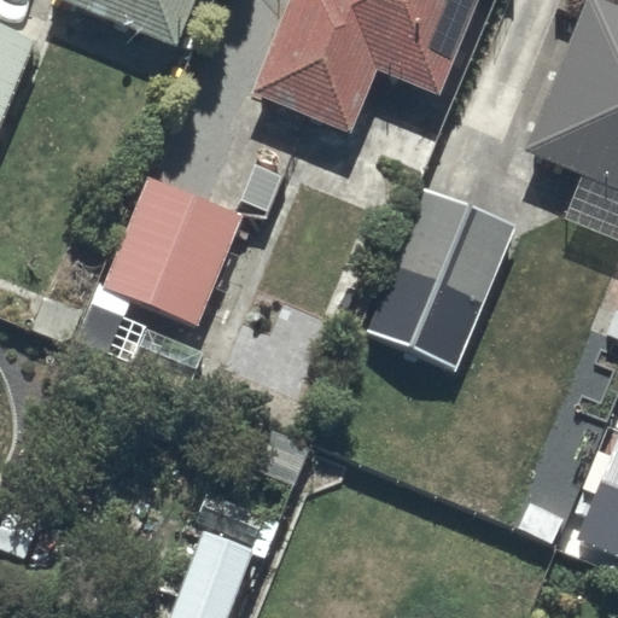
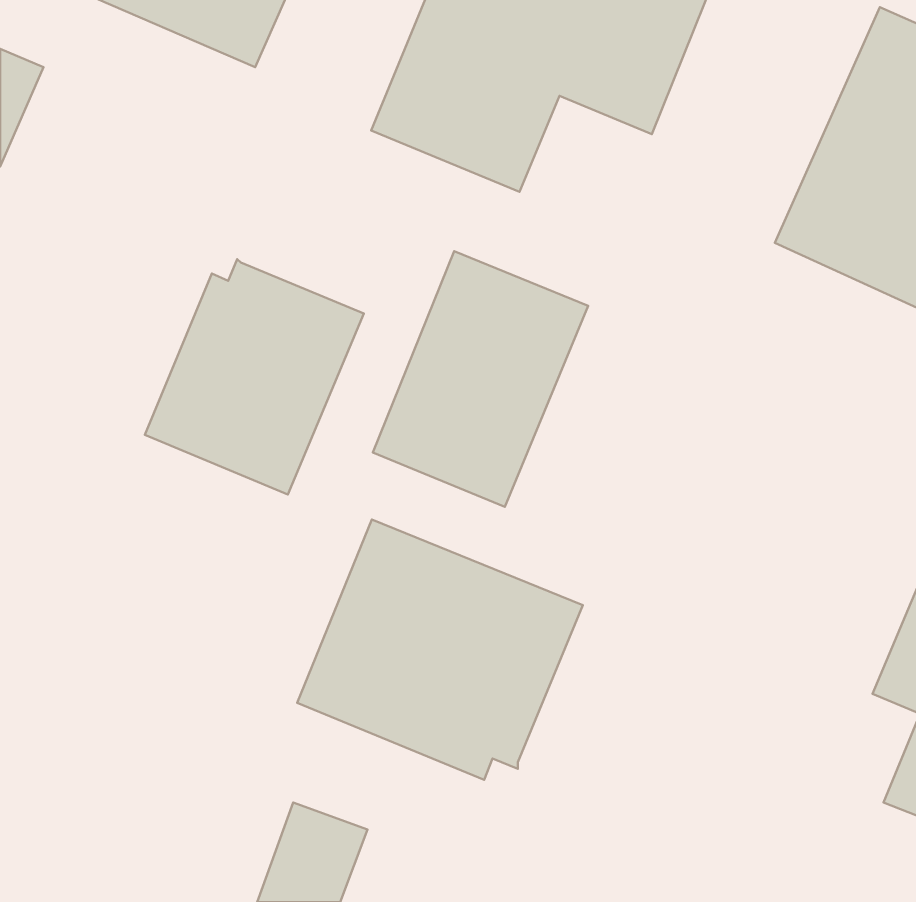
building: [366,198,509,368] -> [373,251,588,507]
building: none -> [297,519,583,780]

